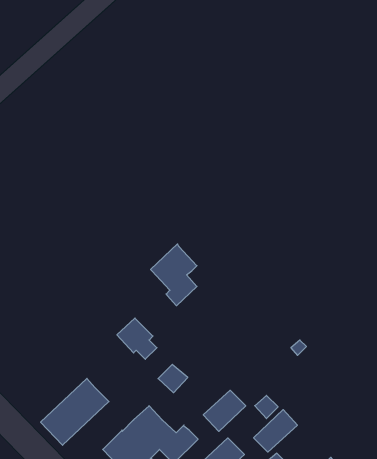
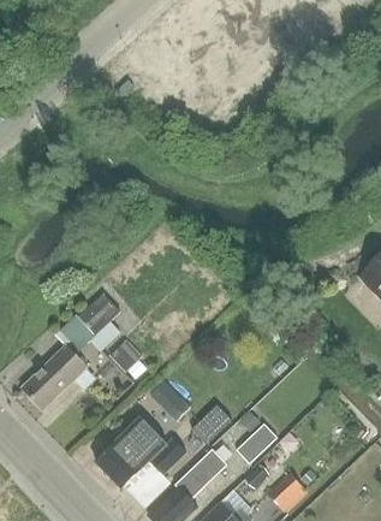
building: [151,244,197,306] -> [76,292,119,350]
building: [41,378,109,445] -> [23,347,87,409]

